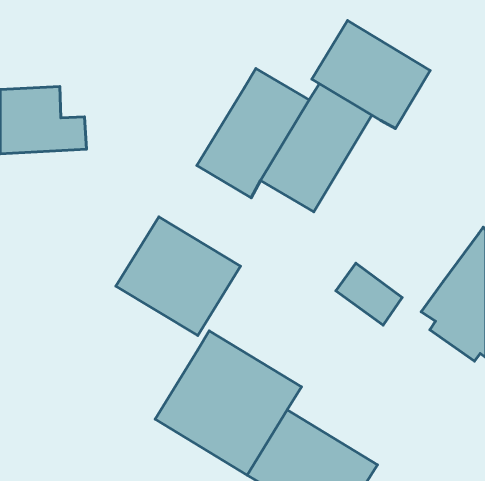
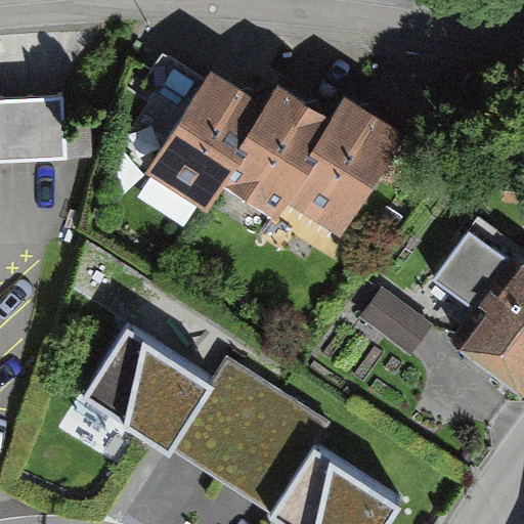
building: [312,21,430,128] -> none
building: none -> [144,66,264,205]
building: none -> [435,226,516,308]
building: [116,217,241,336] -> [80,329,214,456]

